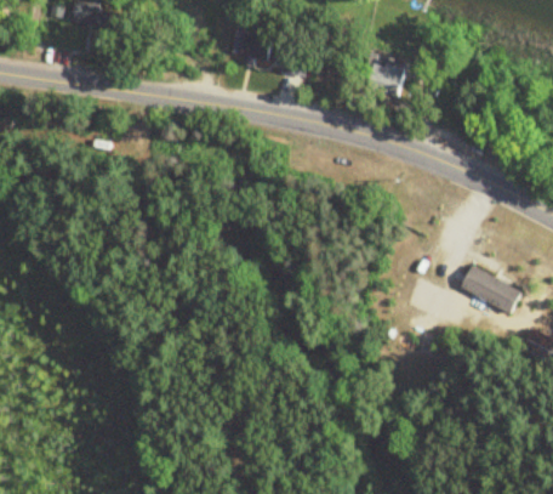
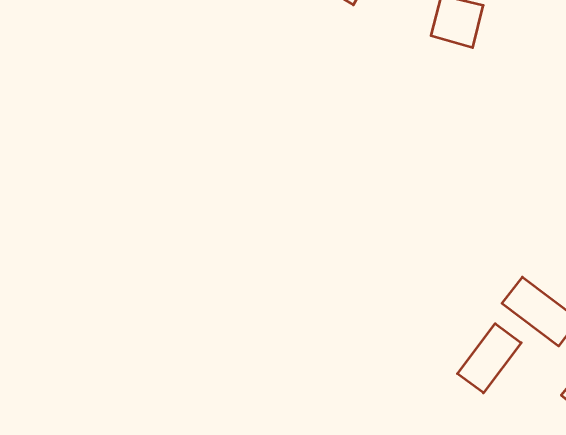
building: none -> [457,324,521,393]

